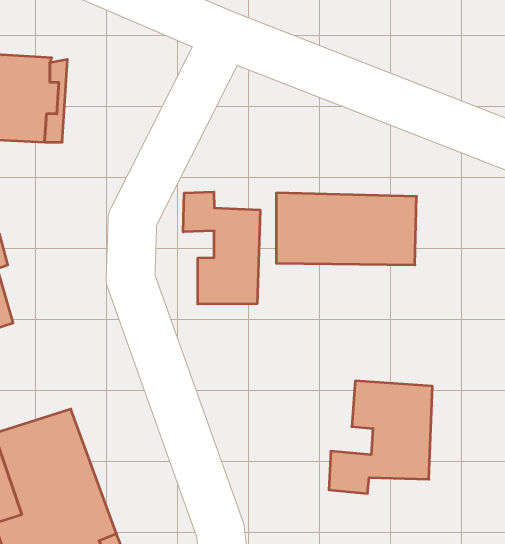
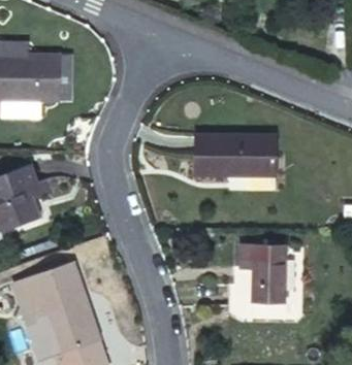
building: [183,192,260,304] -> none

